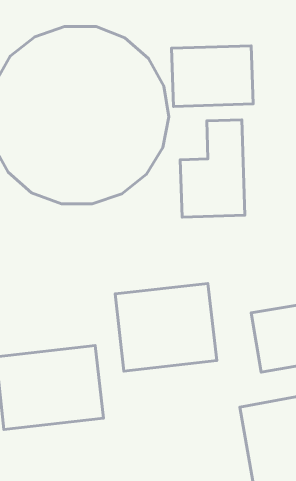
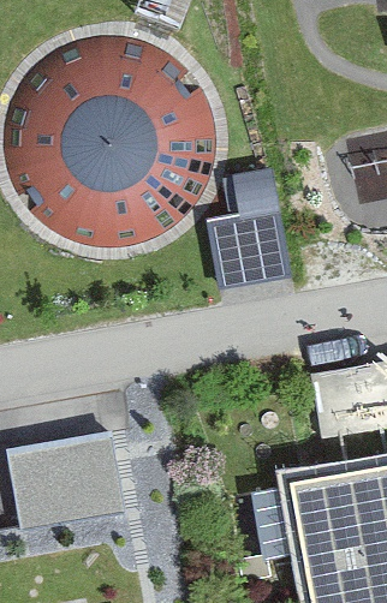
building: [172,46,253,107] -> none
building: [115,283,217,371] -> none

